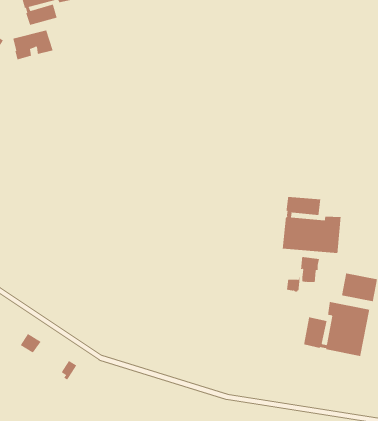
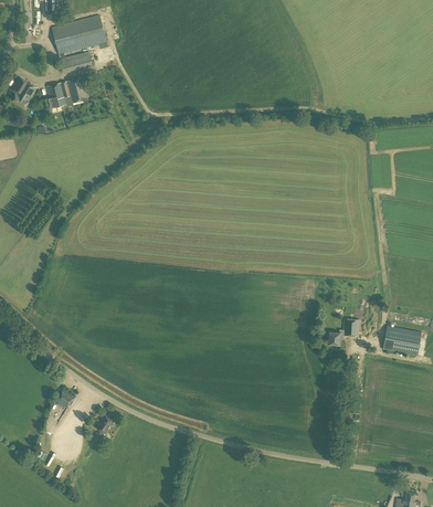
building: [282,196,341,254] -> none
building: [304,301,370,357] -> none

